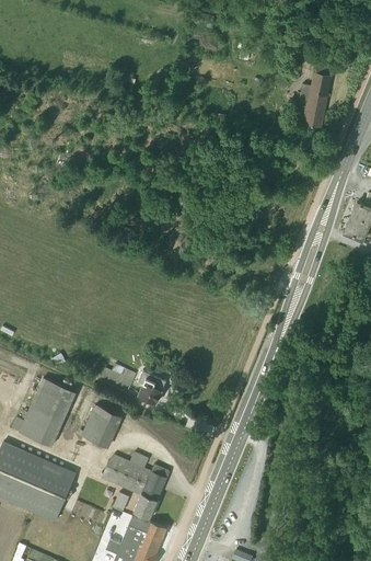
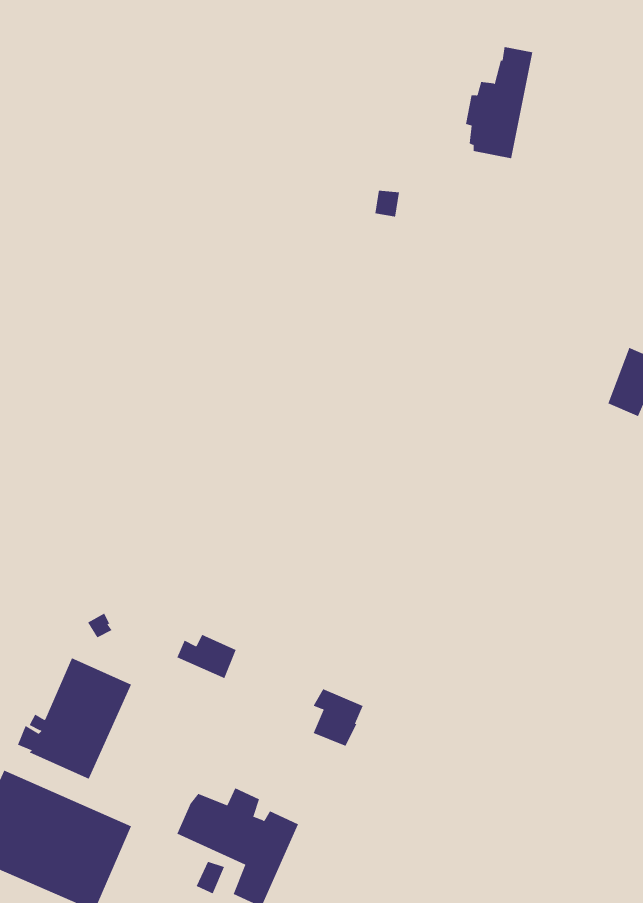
building: [295,65,334,128] -> [465,46,533,159]
building: [138,371,166,404] -> [313,688,363,747]
building: [78,405,123,450] -> none

